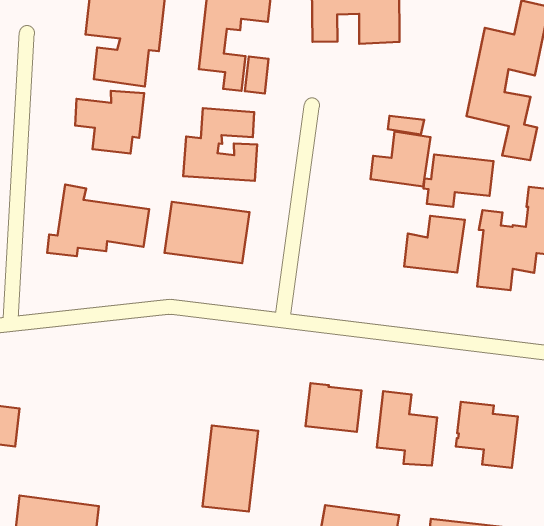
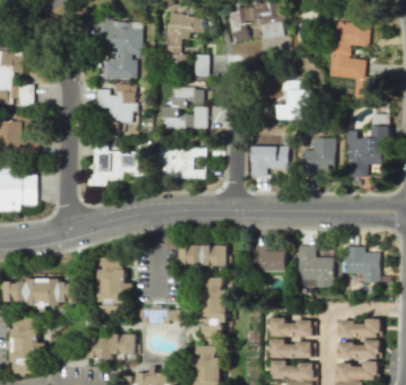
building: [423,155,494,207] -> [247,147,287,177]
building: none -> [179,246,227,267]
building: none -> [99,259,125,313]

